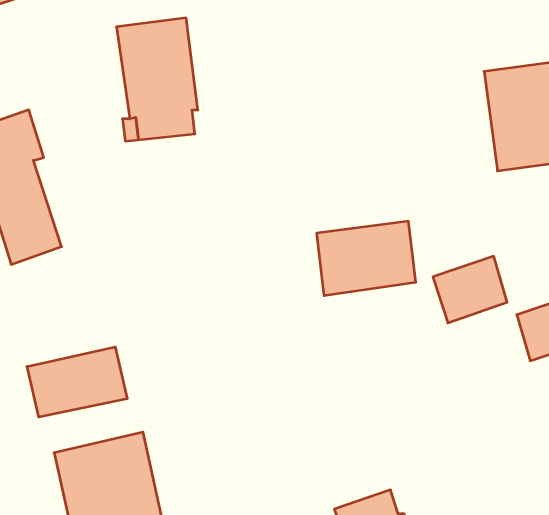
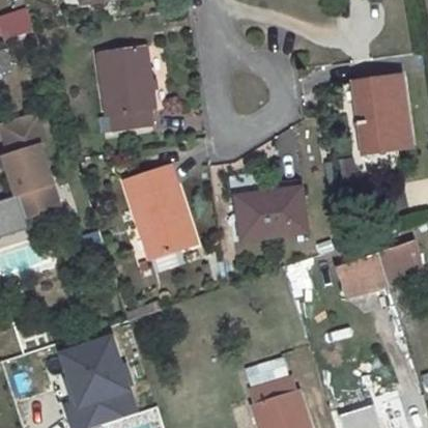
building: none -> [125,167,196,256]
building: [433,256,507,323] -> [335,253,387,299]
building: [27,347,127,417] -> none

